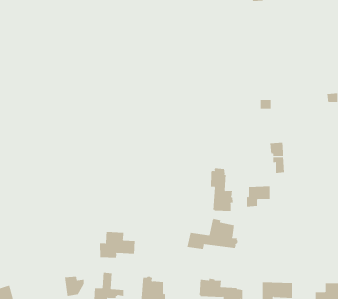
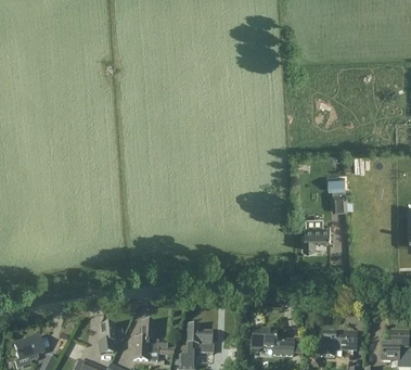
building: [210,168,233,212] -> none
building: [187,218,238,250] -> none
building: [100,231,135,259] -> none

